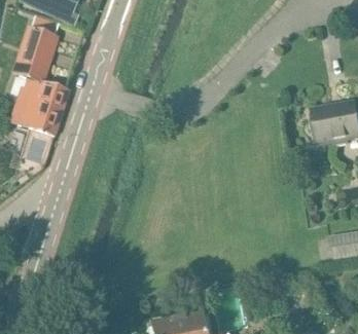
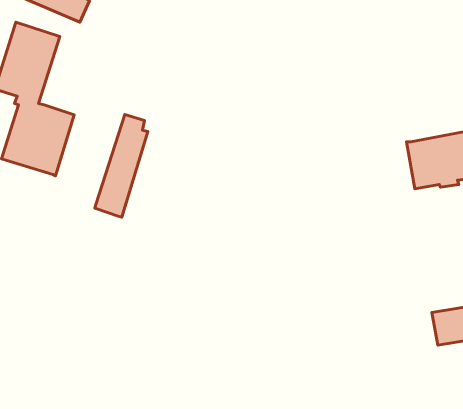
building: none -> [95,115,148,217]

